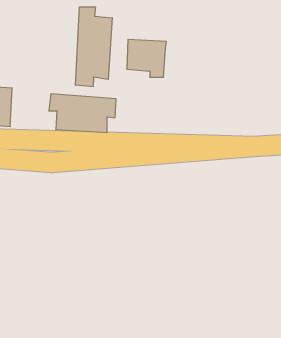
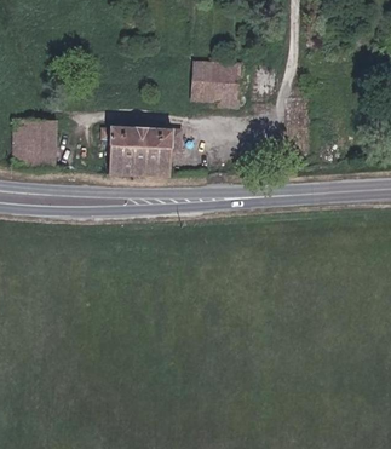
building: [75,7,112,87] -> none

